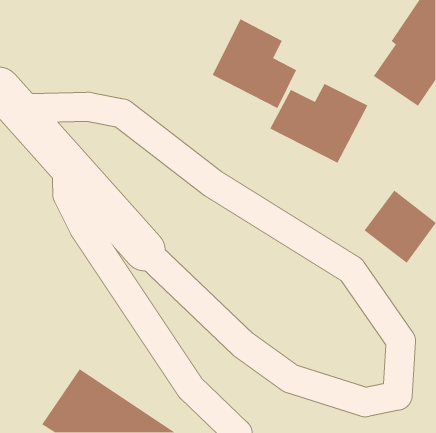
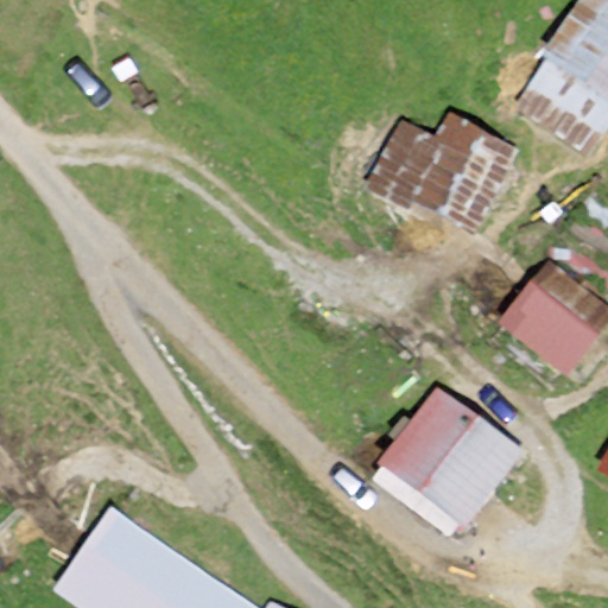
building: [212,18,297,109] -> none
building: none -> [386,393,509,517]

